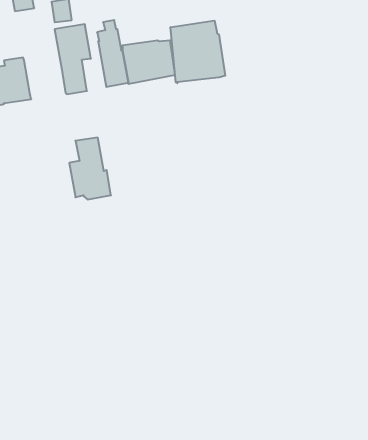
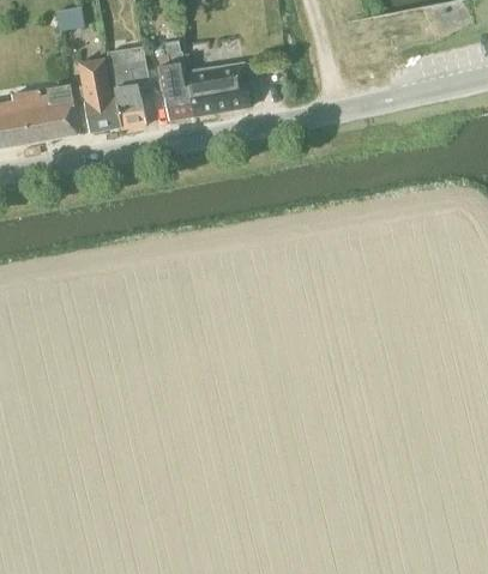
building: [171,21,225,83] -> none
building: [69,138,111,199] -> [71,59,120,132]

